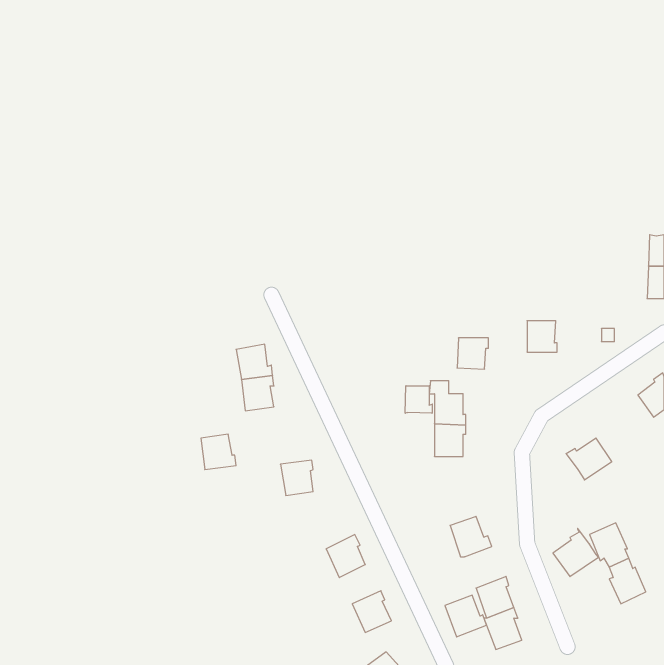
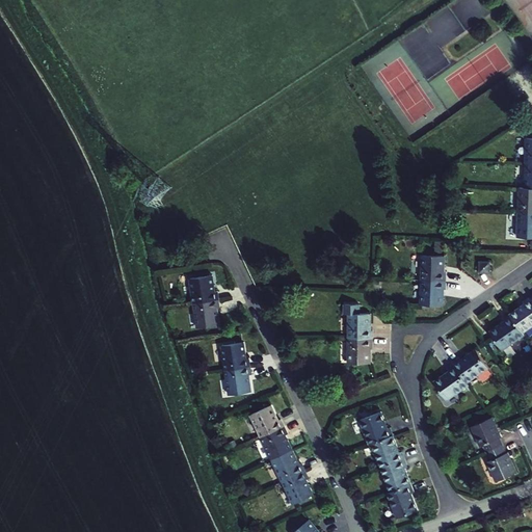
building: [457,338,488,369] -> [419,282,444,307]
building: [405,386,432,413] -> none
building: none -> [487,316,523,351]
building: [201,434,236,470] -> [220,343,248,371]
building: none -> [248,405,283,438]
building: [553,528,599,577] -> [431,363,468,401]
building: none -> [270,451,303,482]
building: [445,595,487,637] -> [370,436,403,470]

